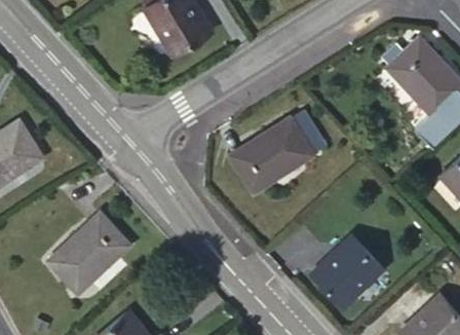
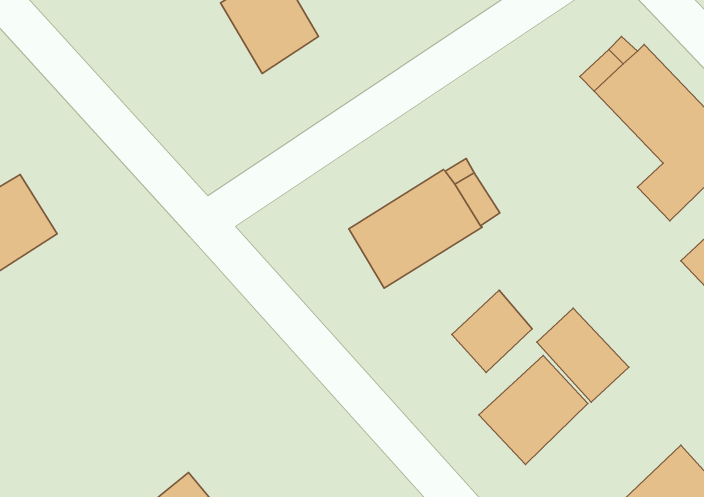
building: none -> [452,290,532,372]
building: none -> [537,308,629,402]
building: [48,214,127,293] -> none

